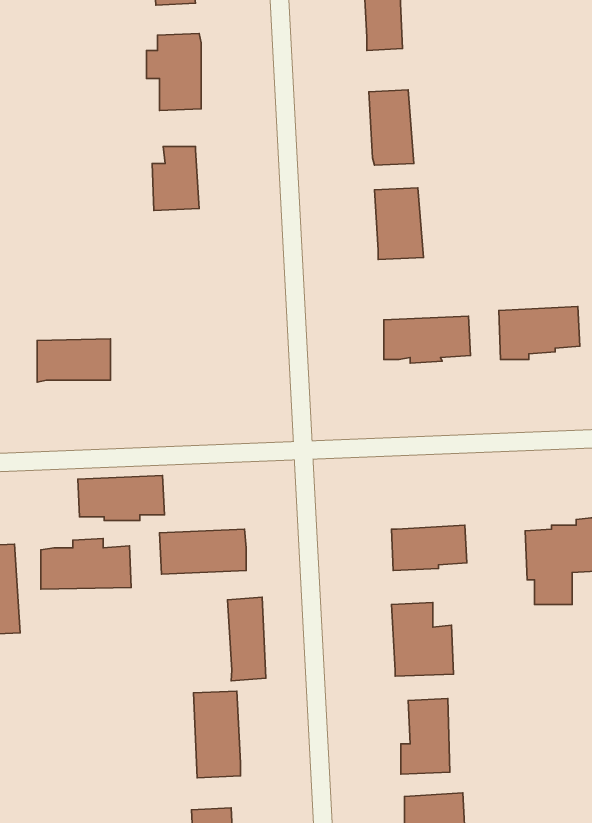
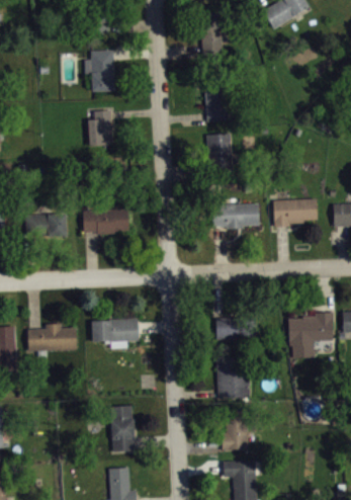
building: [78,475,164,521] -> [83,211,129,235]
building: [227,597,266,681] -> none

